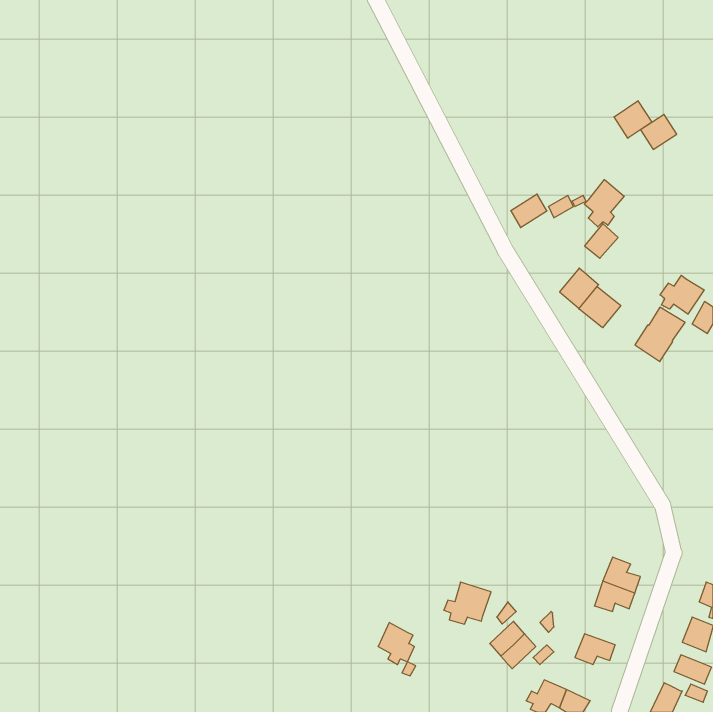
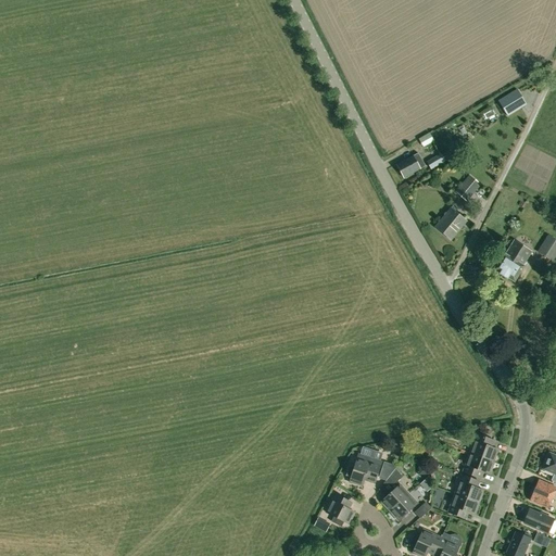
building: [614,101,652,138] -> none
building: [584,180,624,227] -> none
building: [660,275,704,314] -> none
building: [579,287,621,328] -> none
building: none -> [455,475,483,502]
building: [378,623,414,665] -> [326,493,354,526]

